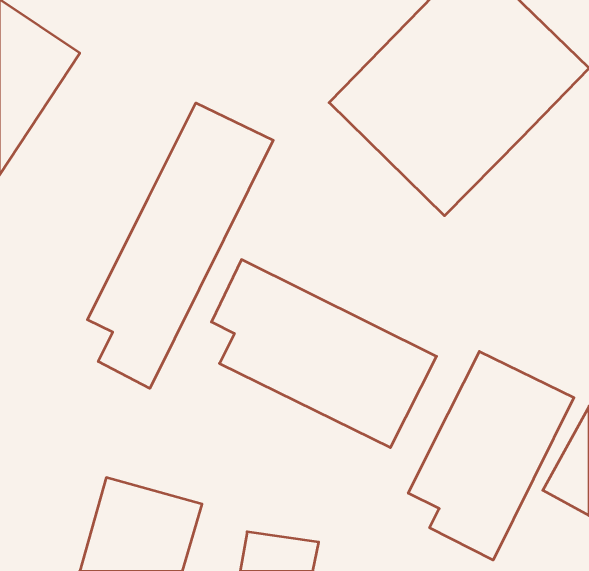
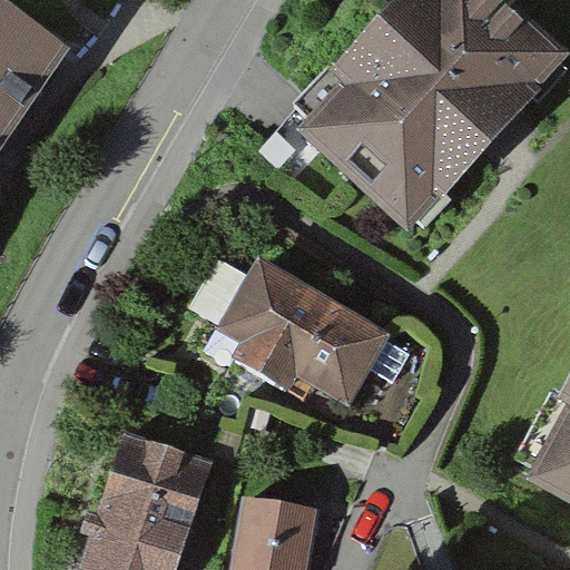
building: [87,103,273,388] -> none
building: [408,351,574,560] -> none

